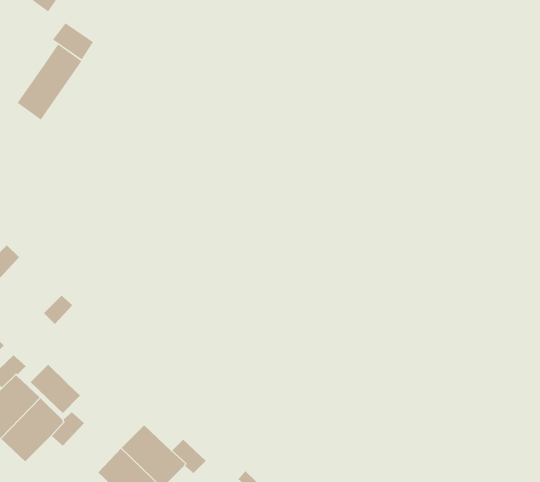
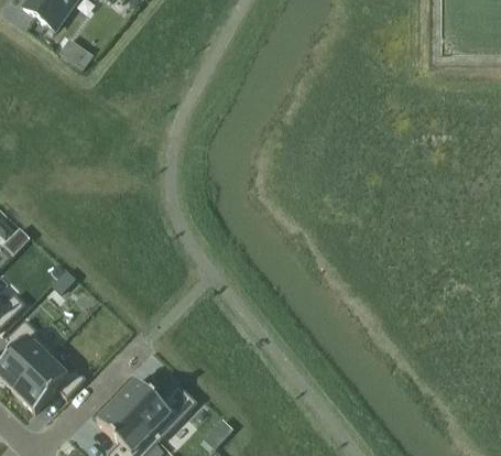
building: [17,44,82,120] -> none
building: [30,364,81,414] -> none

